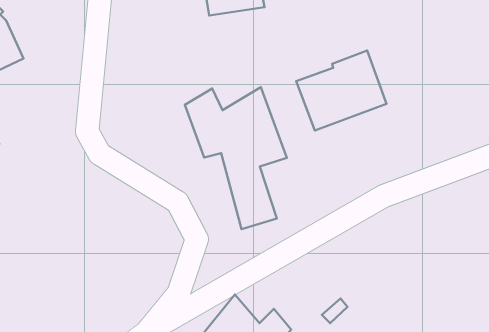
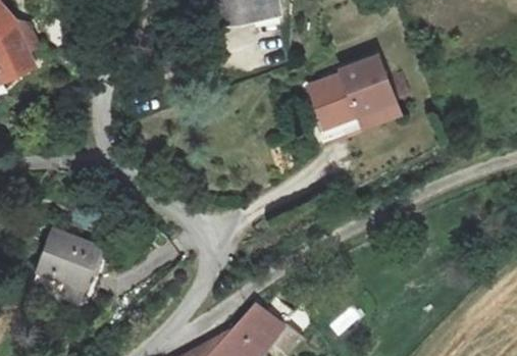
building: [185,87,287,229] -> none
building: none -> [32,225,103,292]

